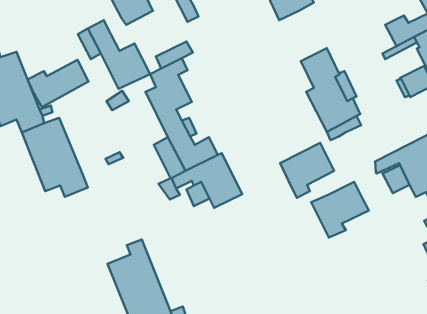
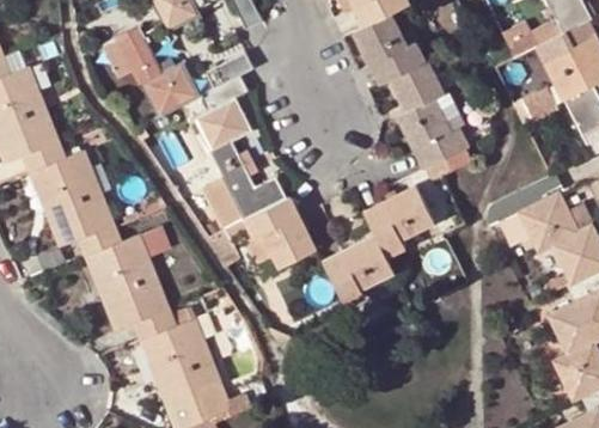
building: none -> [355,14,426,84]
building: [28,60,88,107] -> none
building: none -> [88,226,173,340]
building: [311,182,369,238] -> [322,233,396,305]

